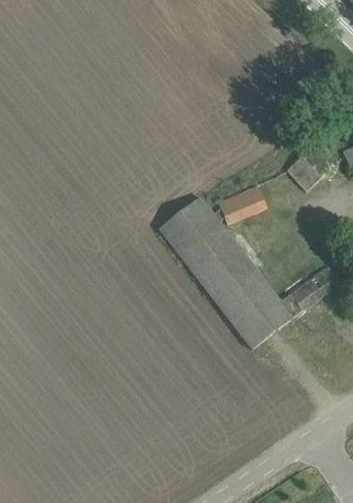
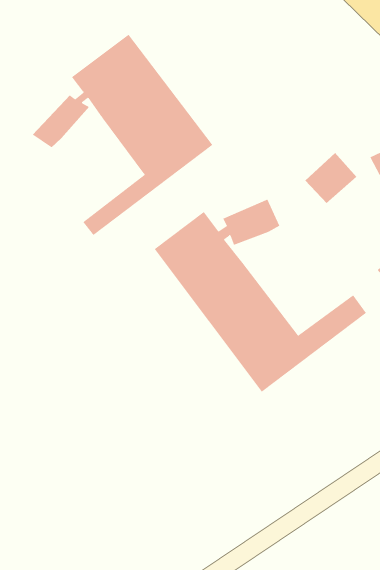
building: none -> [32,34,213,236]

